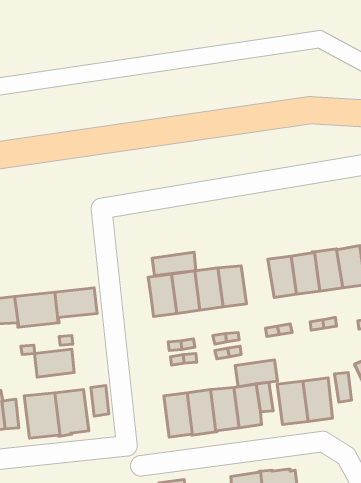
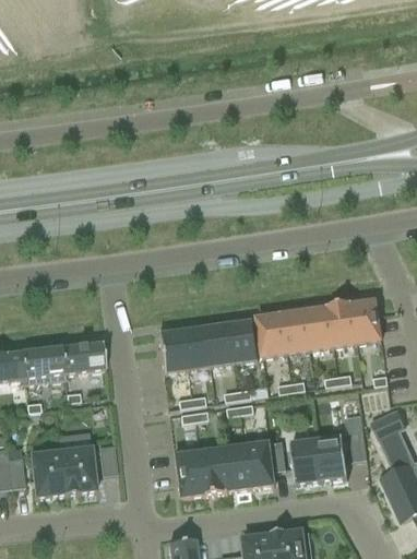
building: [152,252,196,275] -> none
building: none -> [255,312,286,356]
building: [35,349,74,377] -> none
building: [235,360,278,387] -> none

